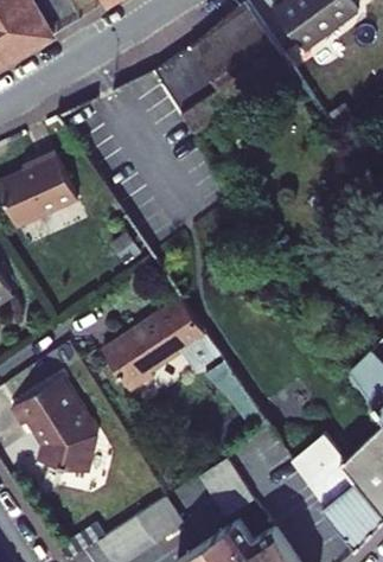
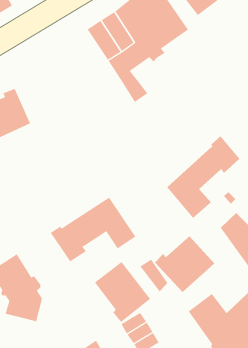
building: none -> [166,135,240,219]
building: none -> [154,235,215,293]
building: none -> [94,261,151,323]

